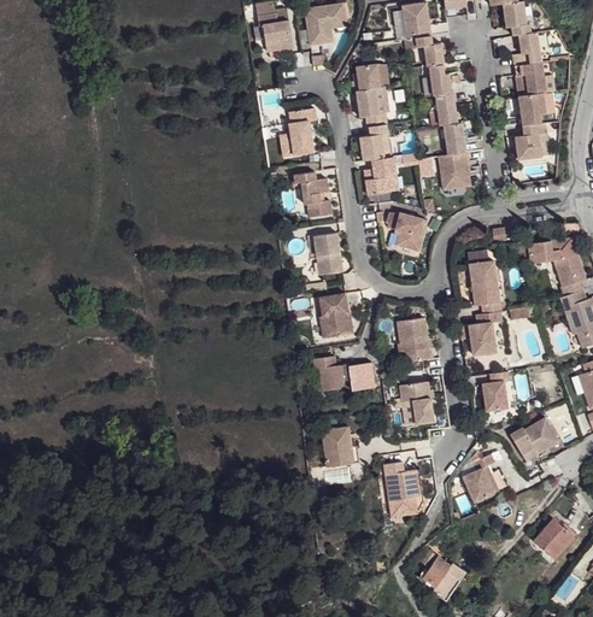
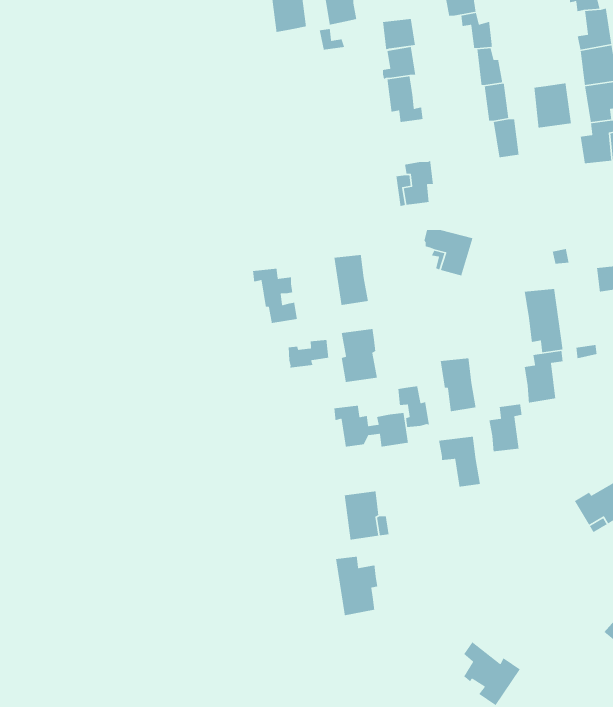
building: none -> [382,18,416,50]
building: [289,107,316,154] -> none
building: [359,123,388,160] -> none
building: [439,152,470,189] -> [534,83,572,128]
building: [294,171,331,217] -> [252,268,298,324]
building: none -> [288,339,329,368]
building: none -> [397,385,430,428]
building: [482,370,510,410] -> [488,403,522,452]
building: [463,453,494,501] -> none
building: [383,462,418,511] -> [335,556,378,616]

